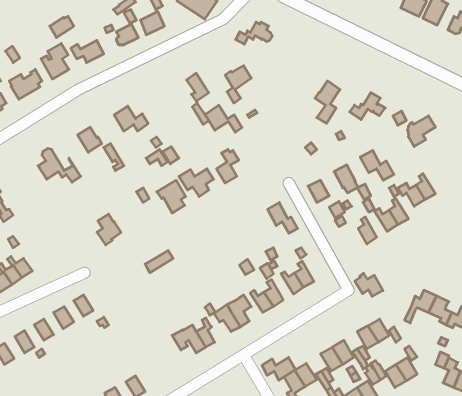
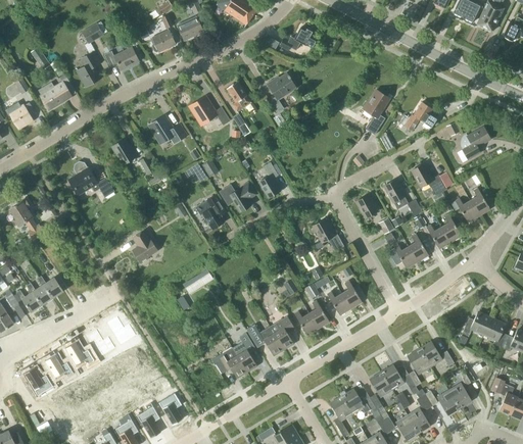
building: [205,105,242,132] -> [191,97,230,126]
building: [355,273,383,296] -> [388,244,418,268]
building: [262,357,296,380] -> none

